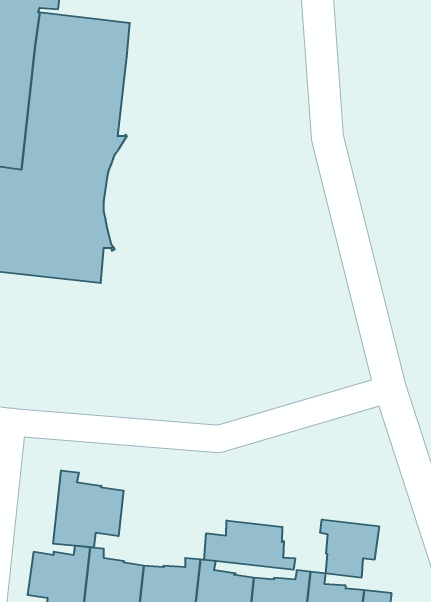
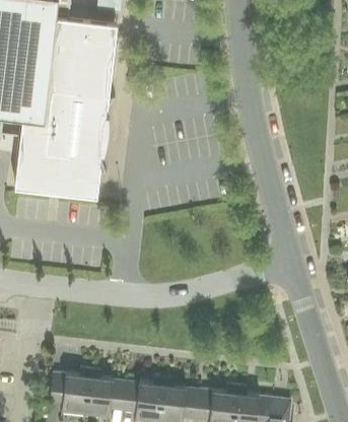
building: [53,470,124,548] -> none
building: [320,519,379,578] -> none
building: [204,520,295,570] -> none

